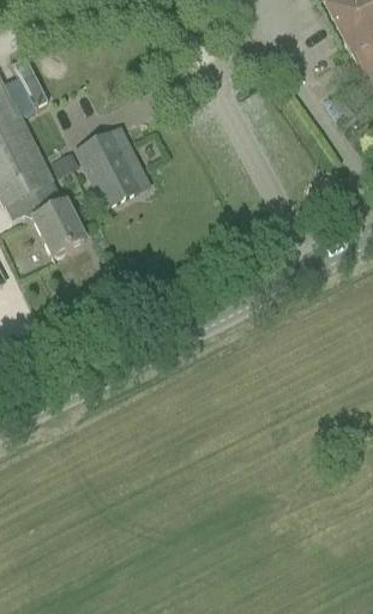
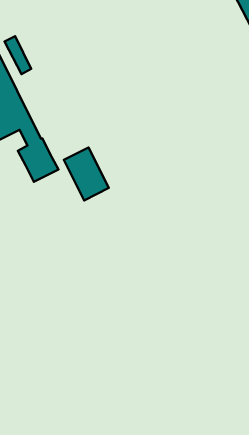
building: [78,134,139,206] -> [64,147,109,200]

